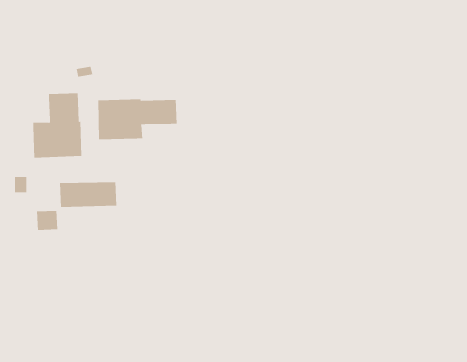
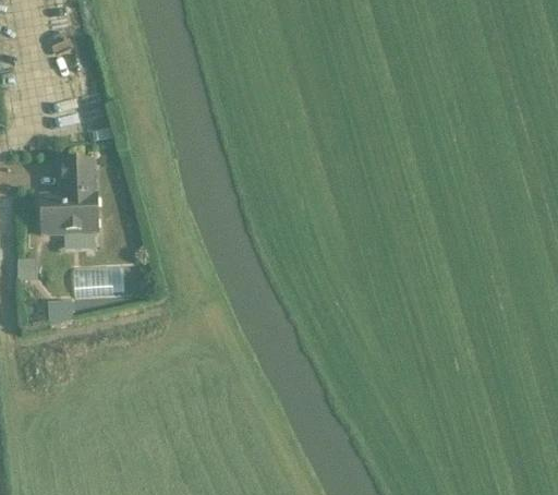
building: [98,99,177,140] -> none

